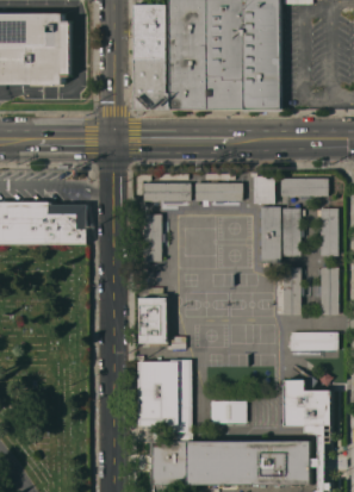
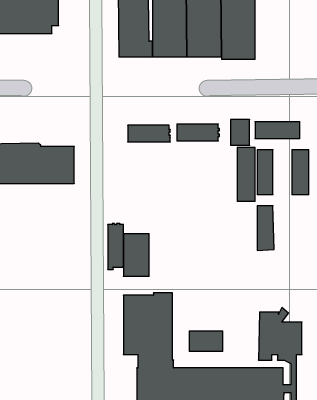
building: [145,207,162,256] -> [108,224,123,269]
building: [319,267,337,314] -> none
building: [291,331,339,349] -> none

